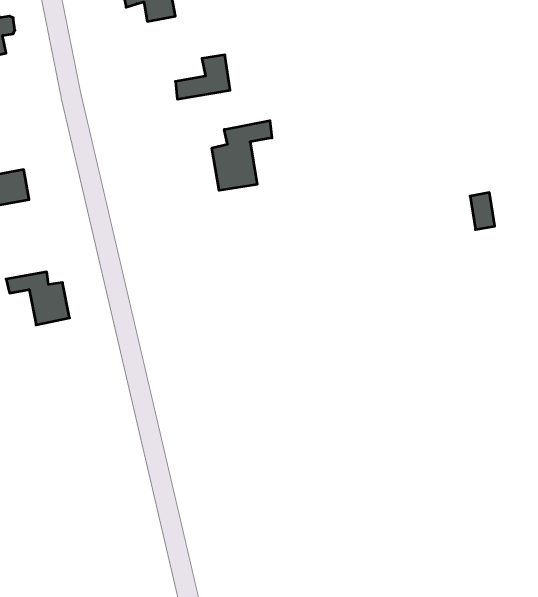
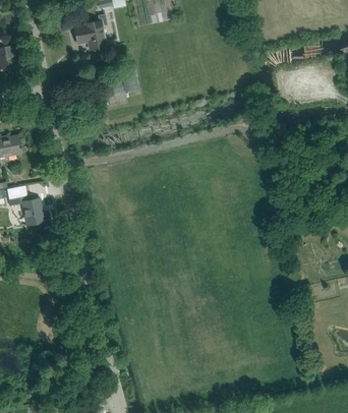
building: [212,121,272,190] -> none

